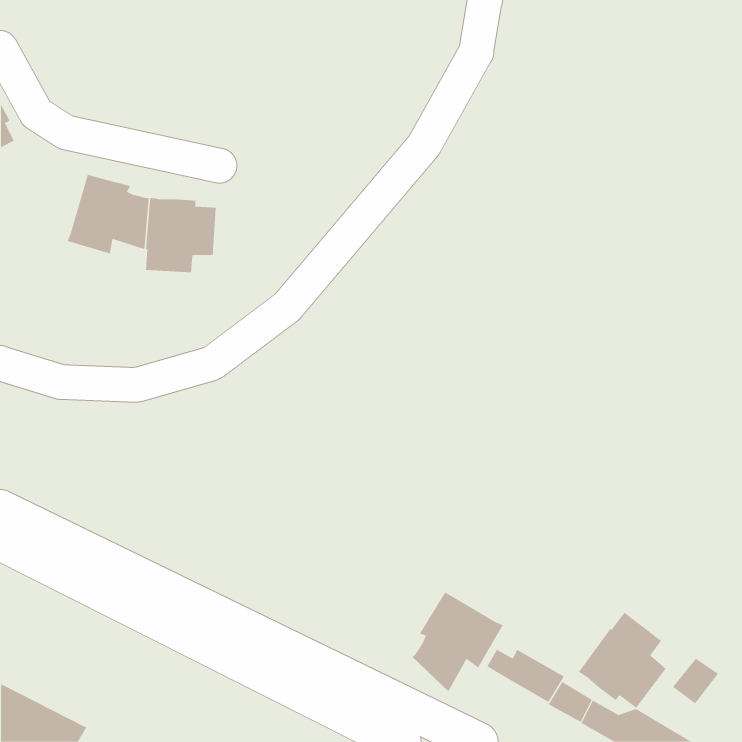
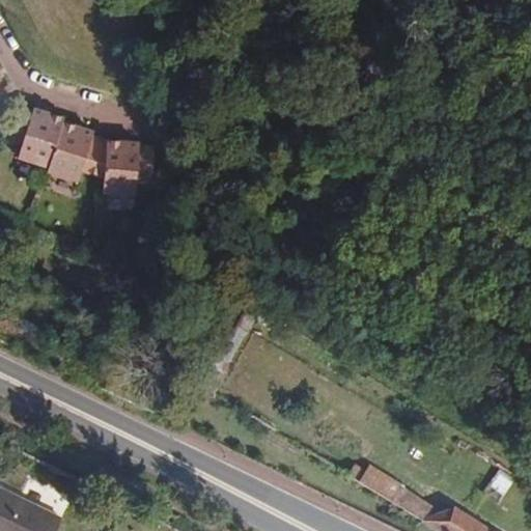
building: none -> [7,107,64,167]
building: [412,591,503,692] -> none
building: [578,612,667,709] -> none

